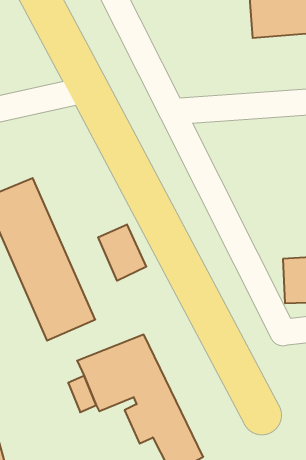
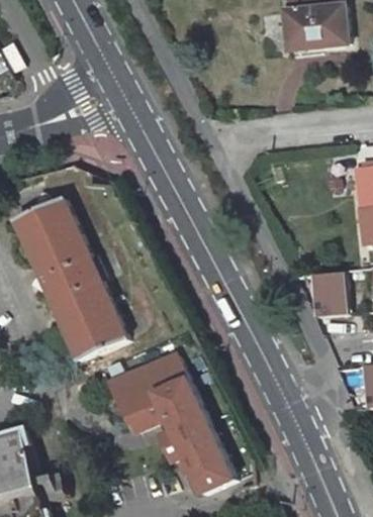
building: [98,224,146,281] -> none

